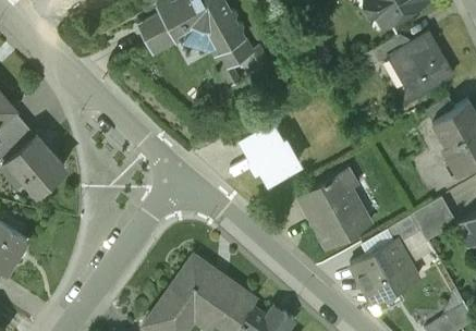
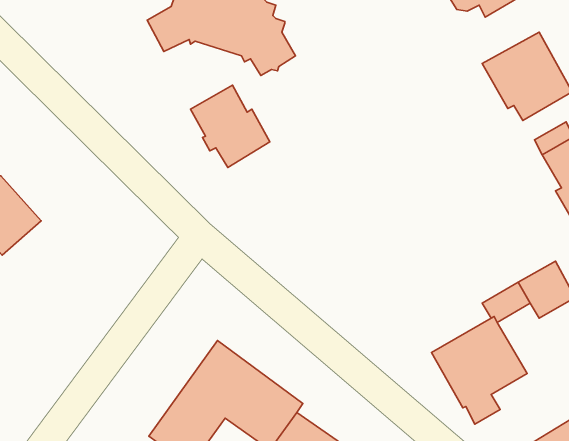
building: [240,122,297,182] -> [190,85,270,167]
building: [297,168,370,247] -> none

